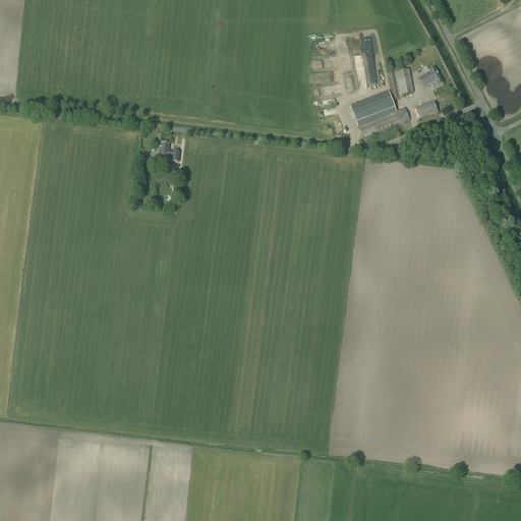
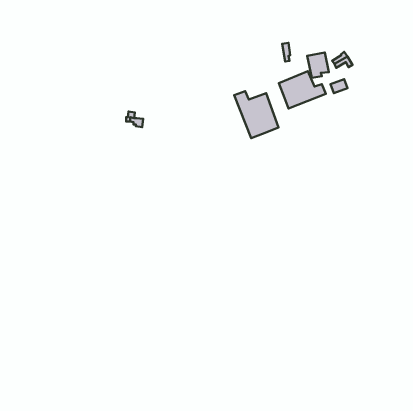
building: none -> [234,91,279,138]

